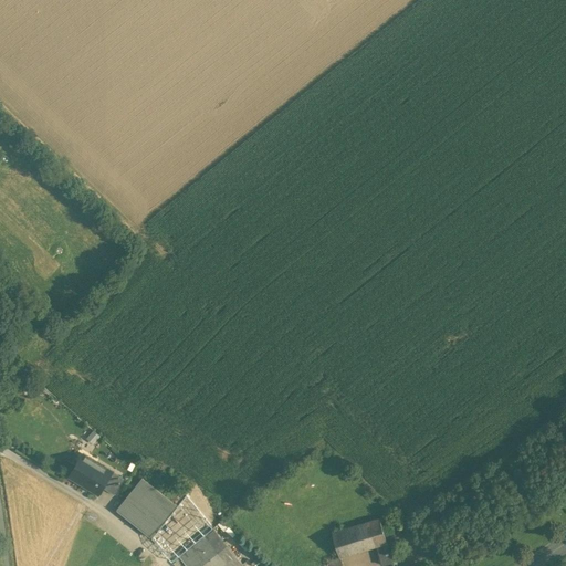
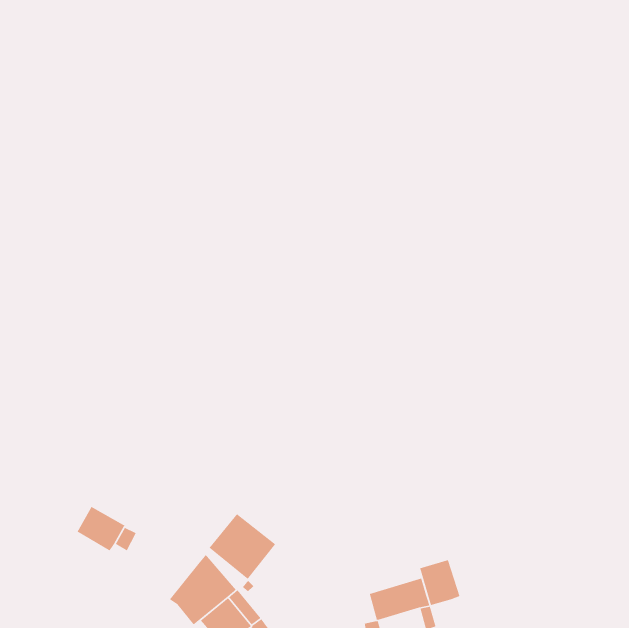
building: [116,480,177,539] -> [208,513,276,580]
building: none -> [419,559,460,607]

